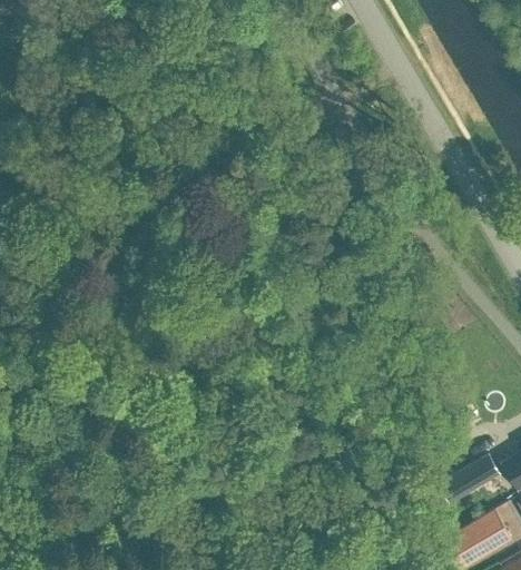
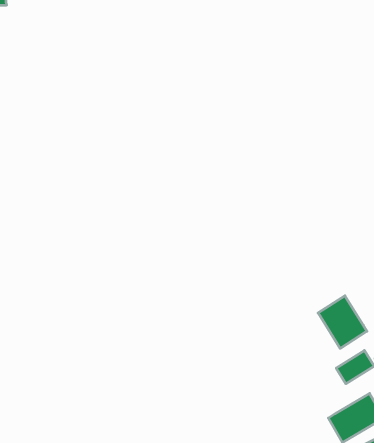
building: none -> [318,296,367,348]

